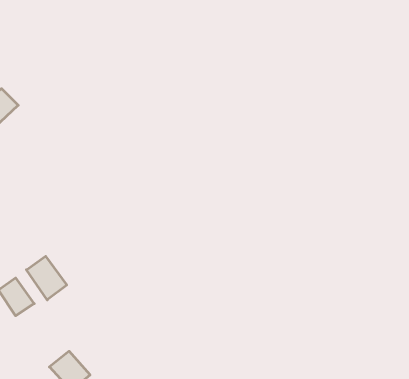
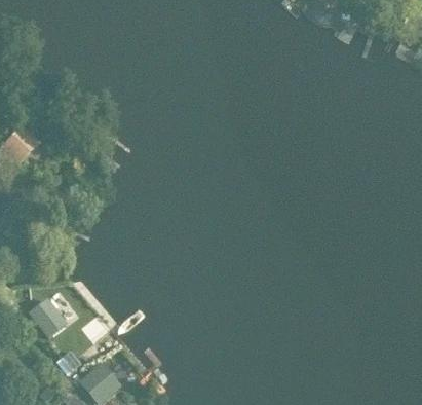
building: [26,256,67,300] -> none

